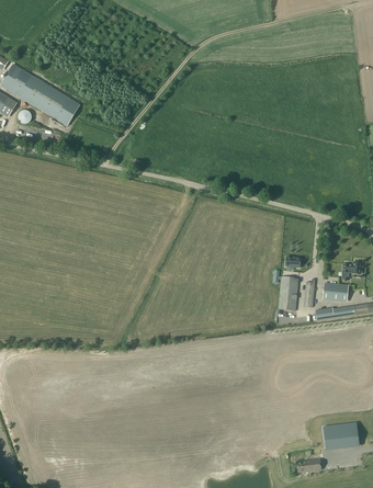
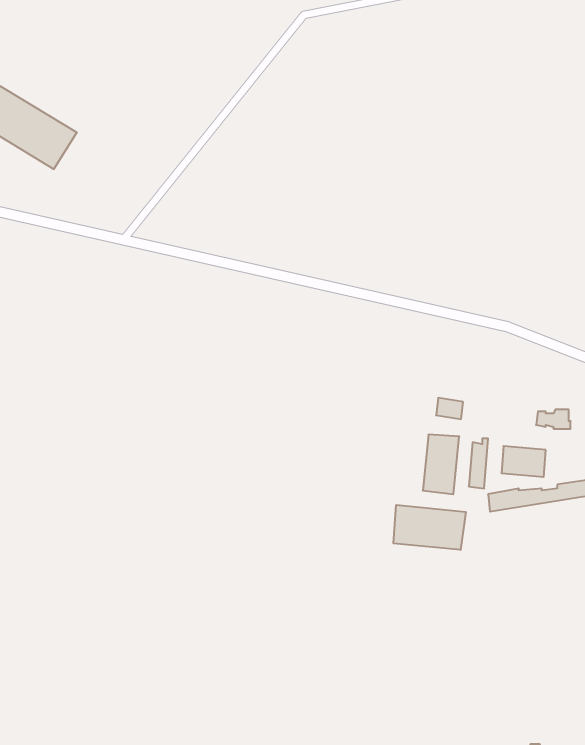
building: none -> [393,505,466,550]
building: [323,422,359,447] -> none

